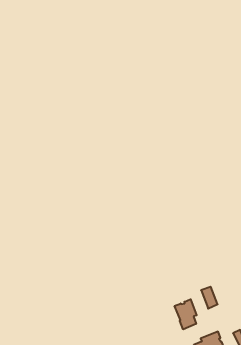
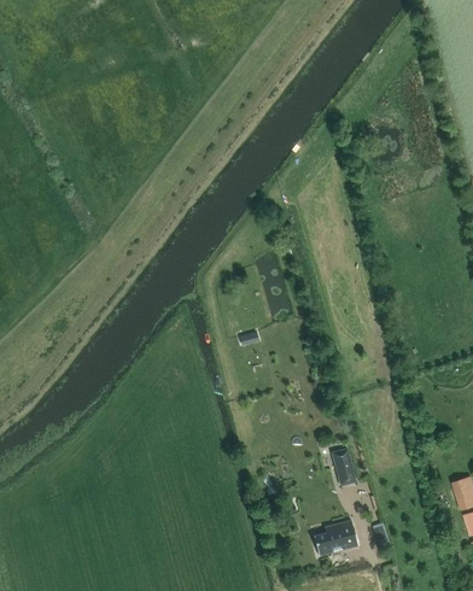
building: [175,299,197,329] -> none

